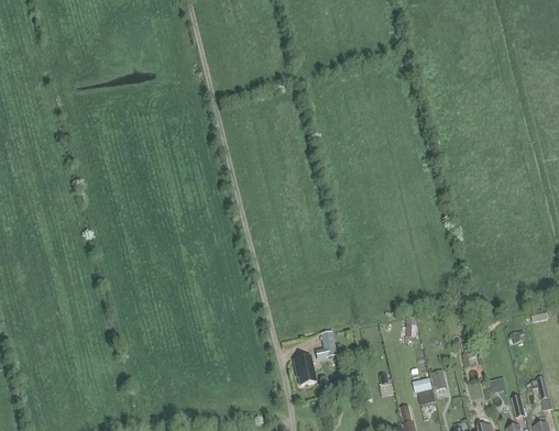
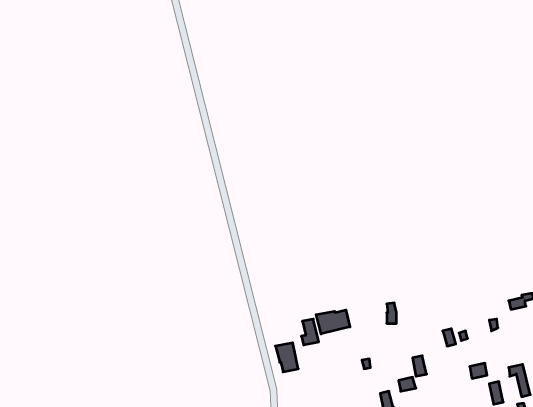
building: none -> [316,310,350,334]

